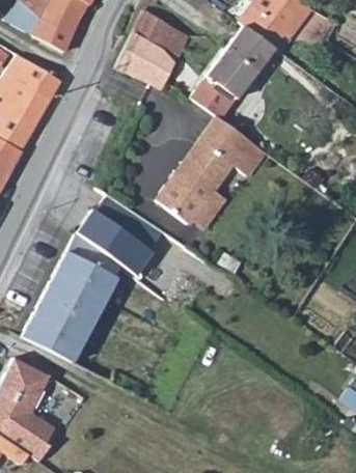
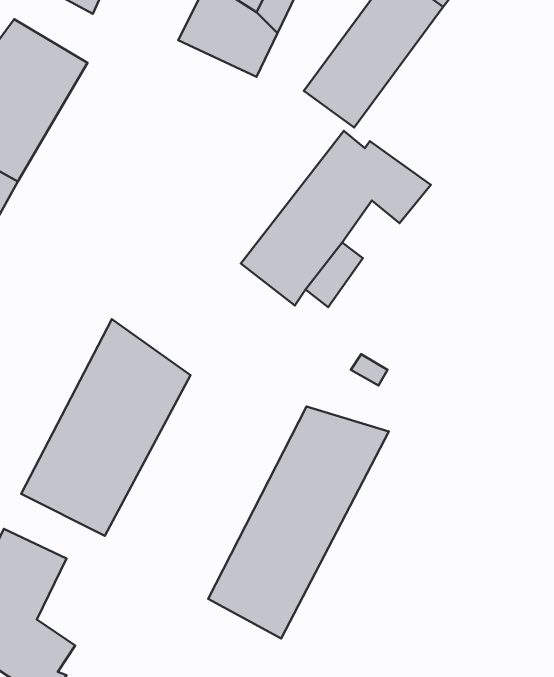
building: [77,210,153,275] -> none
building: none -> [208,406,389,639]

